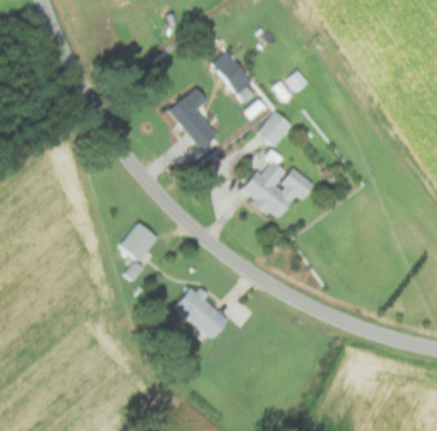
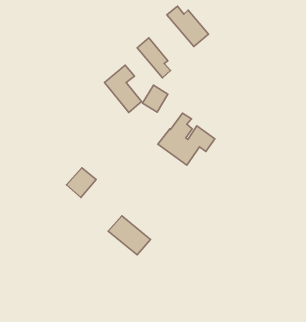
building: none -> [167,6,209,47]
building: [258,112,292,148] -> [143,85,168,112]

